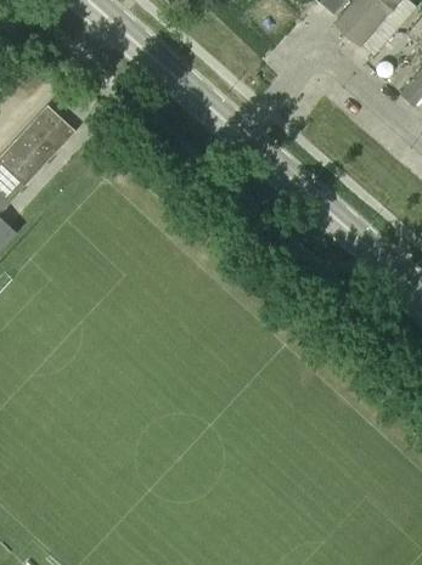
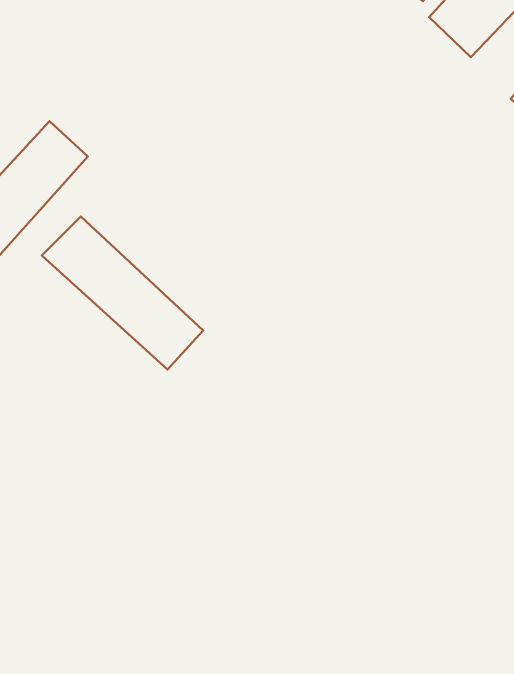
building: none -> [42,216,203,370]

